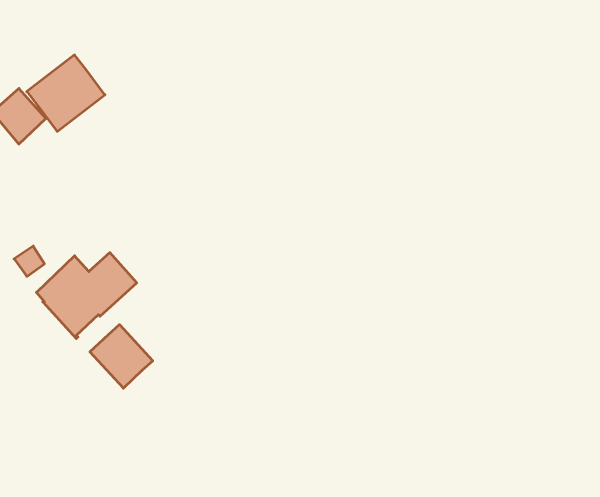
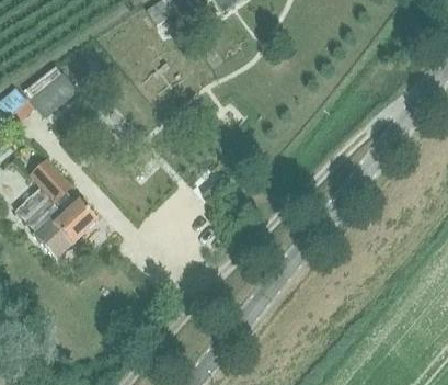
building: none -> [32,160,72,202]
building: [90,325,153,388] -> none

